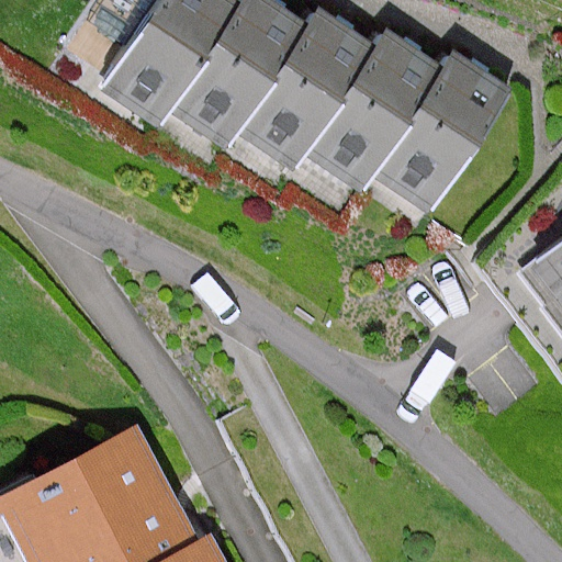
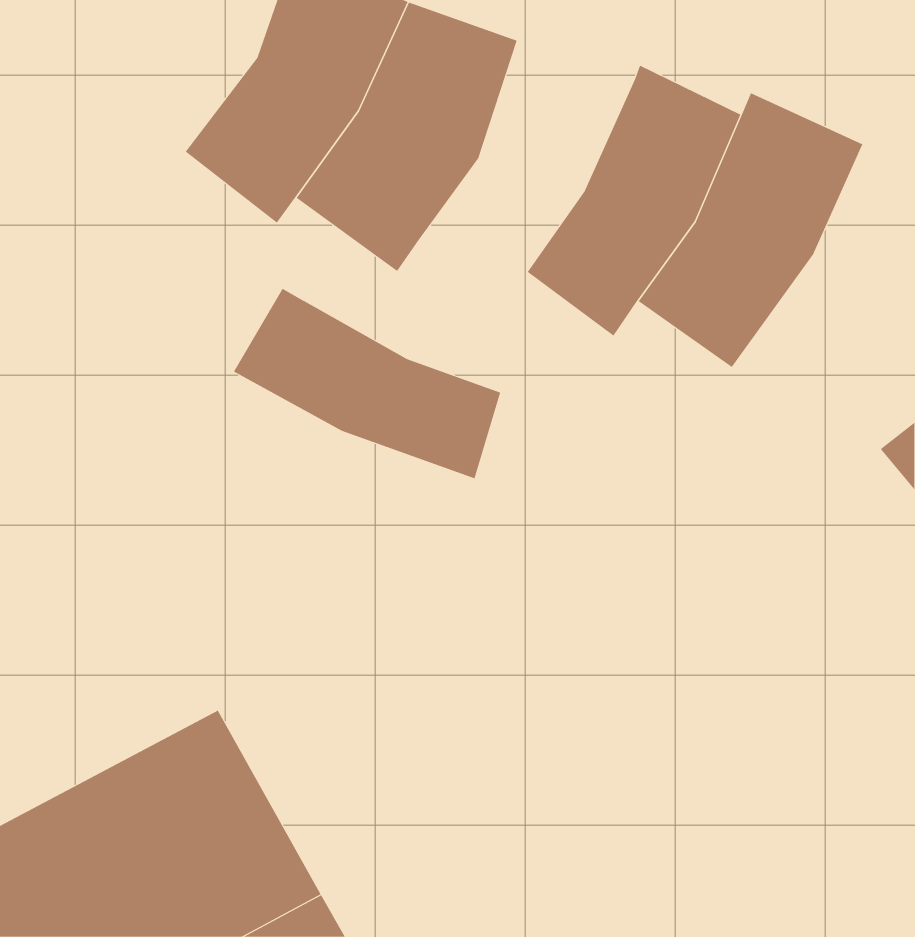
building: [249,16,376,180] -> none
building: none -> [233,288,501,479]

